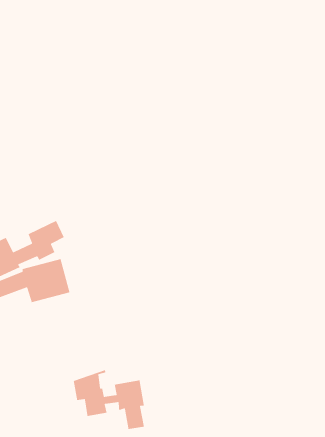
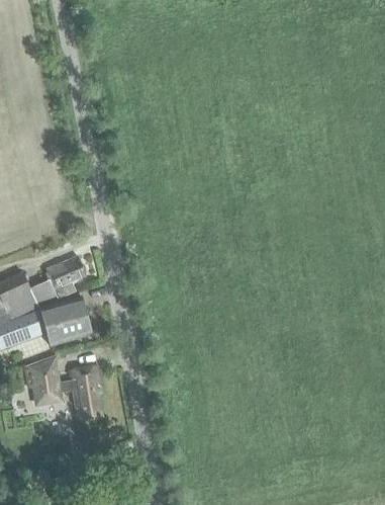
building: [73,369,145,430] -> [22,354,100,420]

